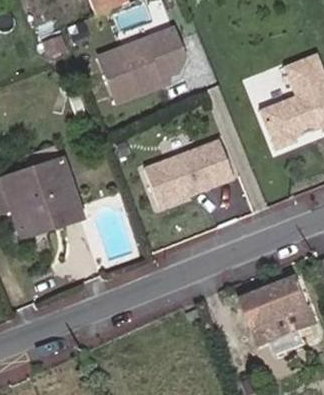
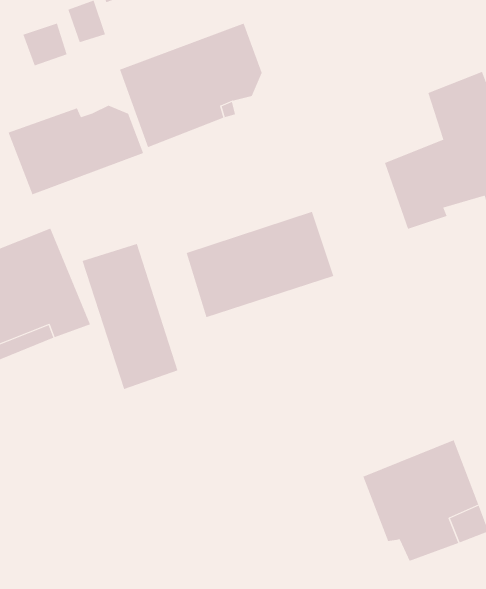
building: none -> [8,105,144,195]
building: none -> [82,243,178,390]

